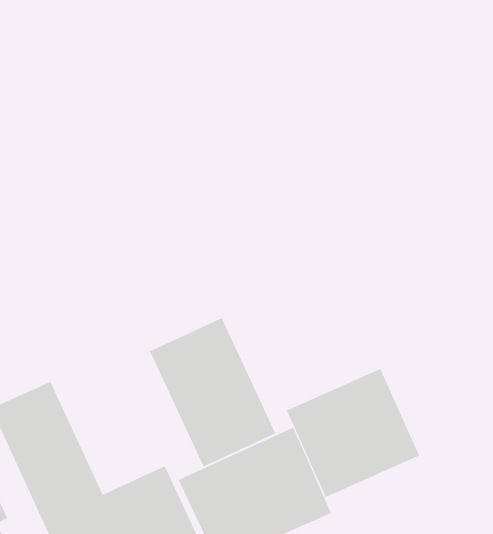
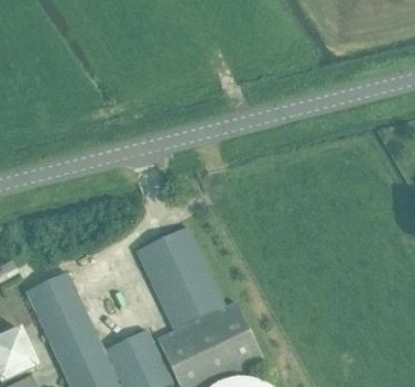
building: [286,368,420,498] -> none

